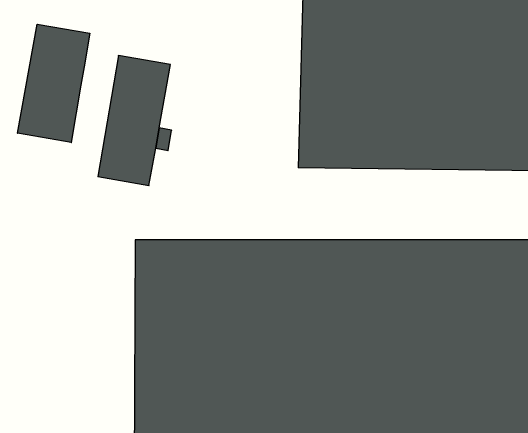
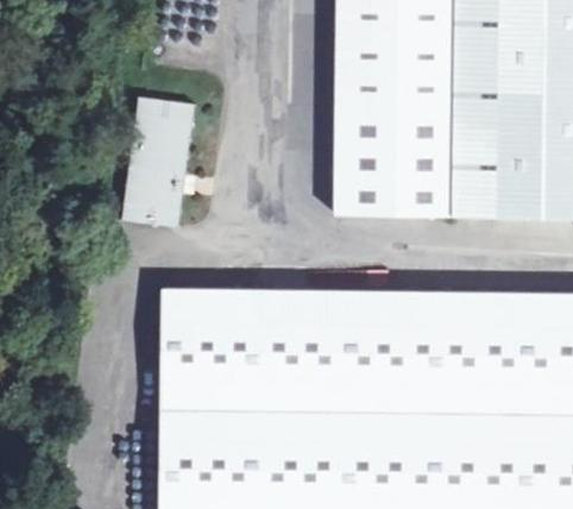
building: [18,24,90,143] -> none

